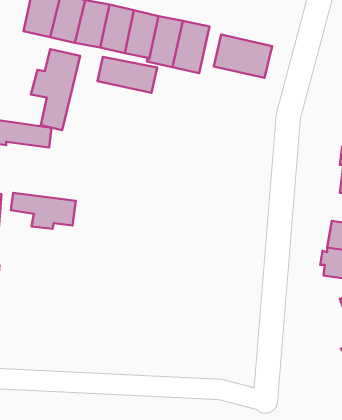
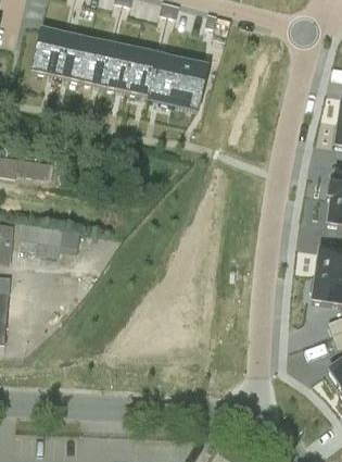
building: [214,35,272,78] -> none
building: [31,49,80,130] -> none
building: [98,57,157,93] -> none

